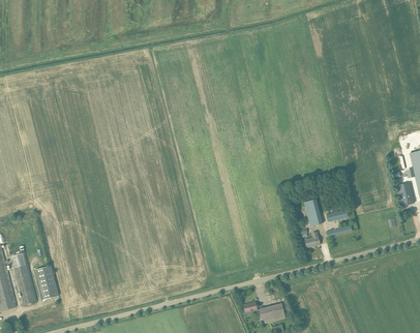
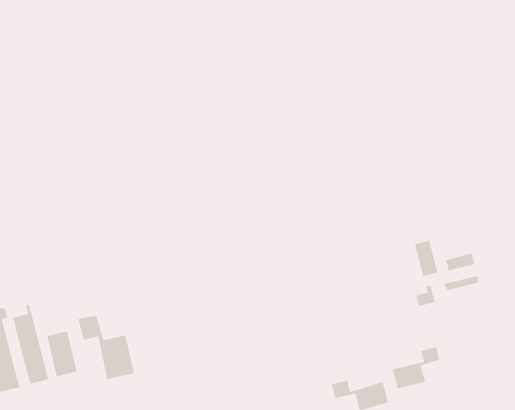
building: none -> [78,315,134,380]
building: none -> [392,346,440,389]

